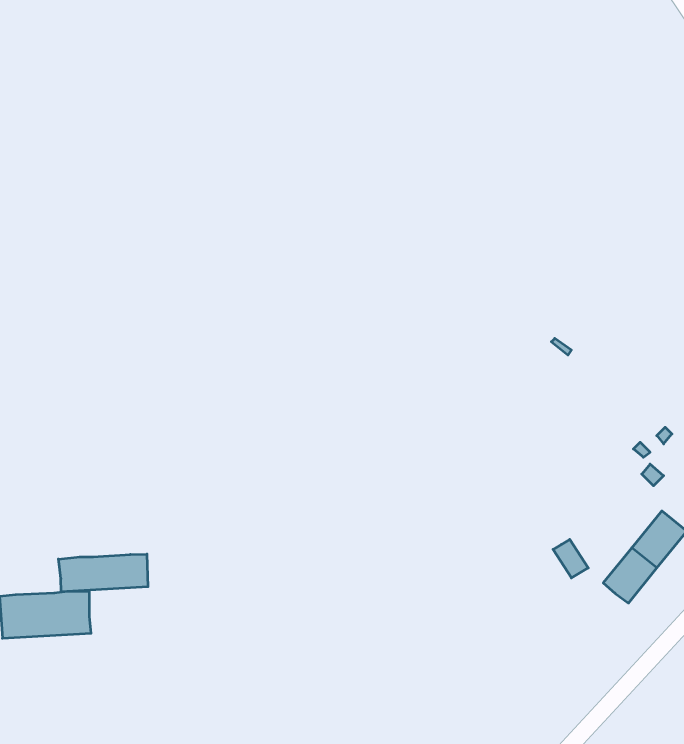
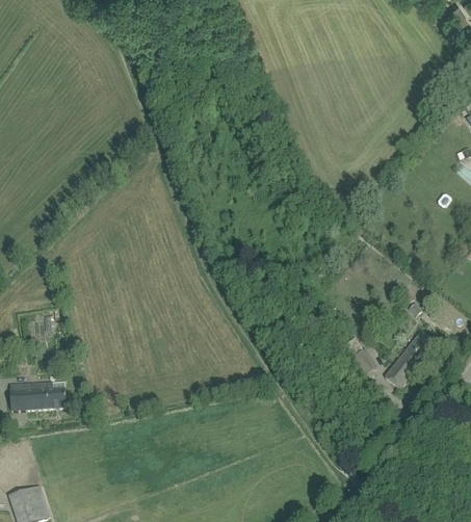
building: [58,554,148,592] -> none

